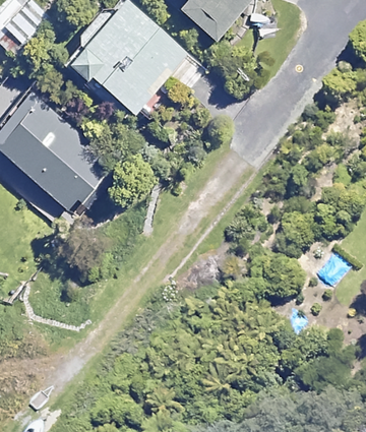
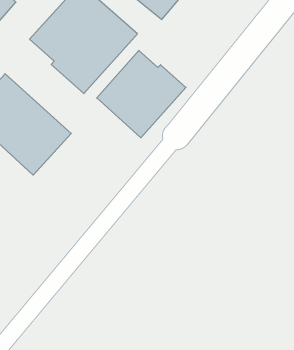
building: none -> [97,50,186,138]

